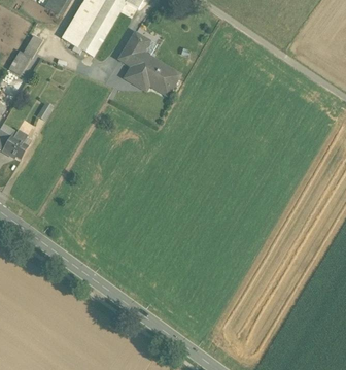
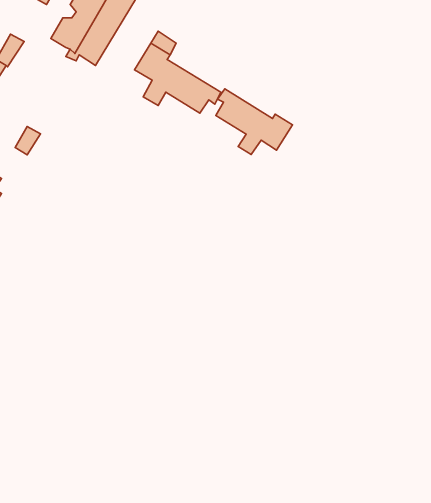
building: none -> [216,89,292,155]

